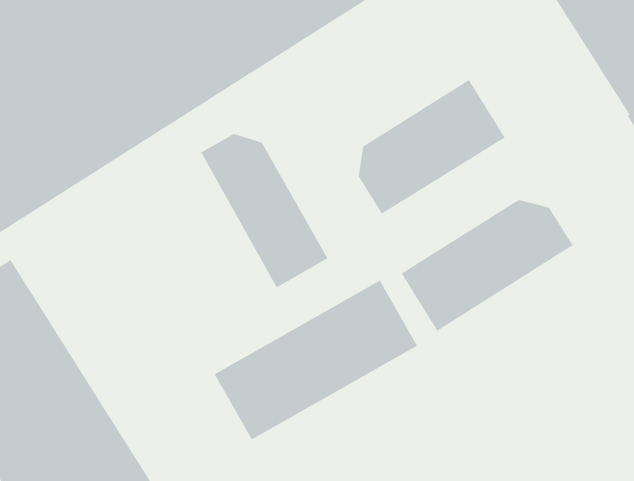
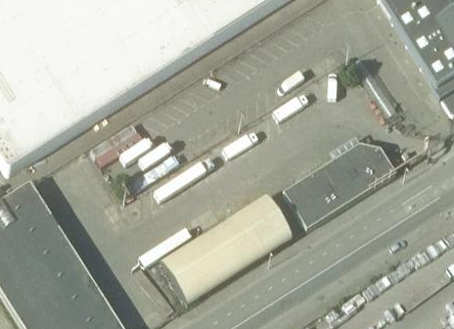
building: [358,79,506,215] -> none
building: [200,133,328,288] -> none

